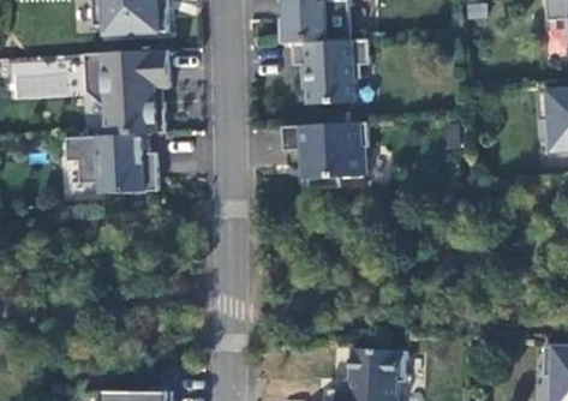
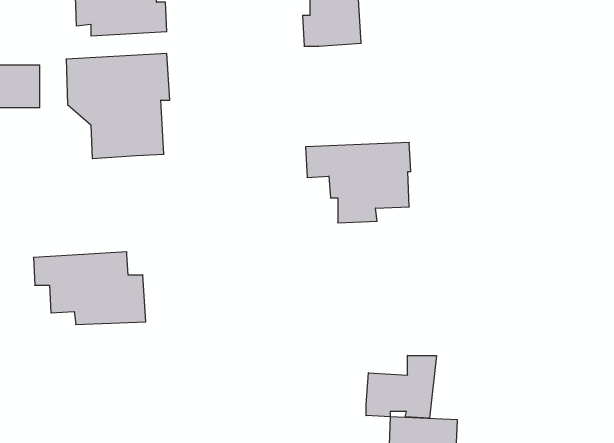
building: [292,40,369,104] -> none
building: [65,133,157,193] -> [33,252,146,325]
building: none -> [366,355,436,418]

